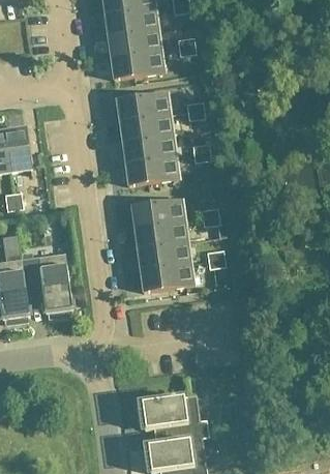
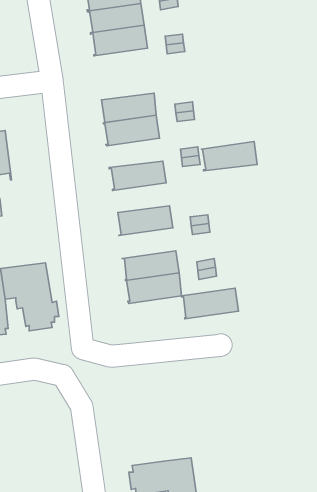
building: [110,51,163,79] -> none
building: [122,136,175,164] -> [201,141,257,171]
building: [133,220,187,249] -> [181,288,238,319]
building: [138,393,209,441] -> none

